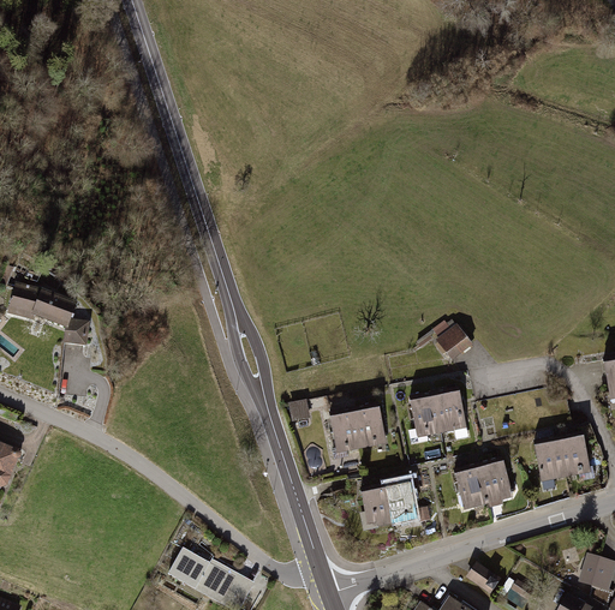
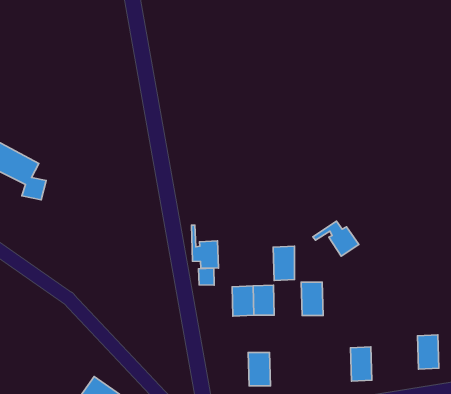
building: none -> [192,225,219,268]
building: [436,388,467,432] -> [273,246,295,280]
building: [535,439,567,484] -> none
building: [456,466,489,510] -> none
building: [386,482,417,526] -> none

